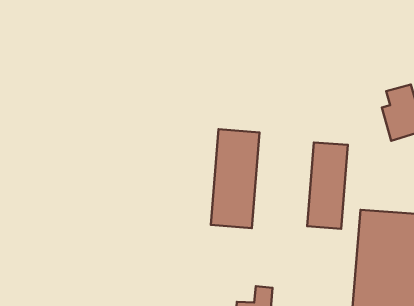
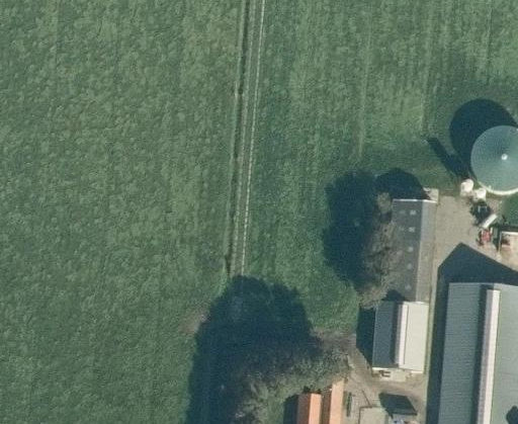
building: [211,129,259,228] -> none
building: none -> [372,300,426,369]

